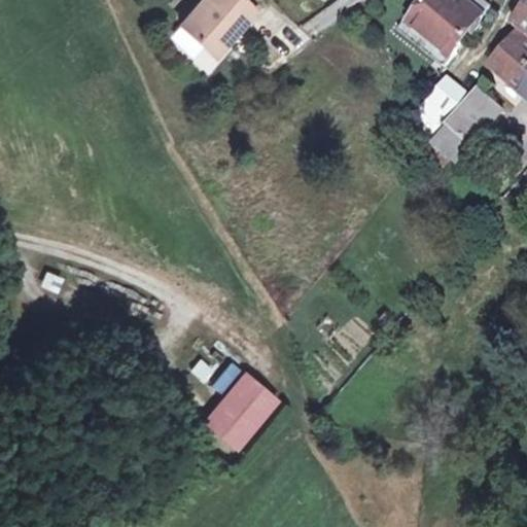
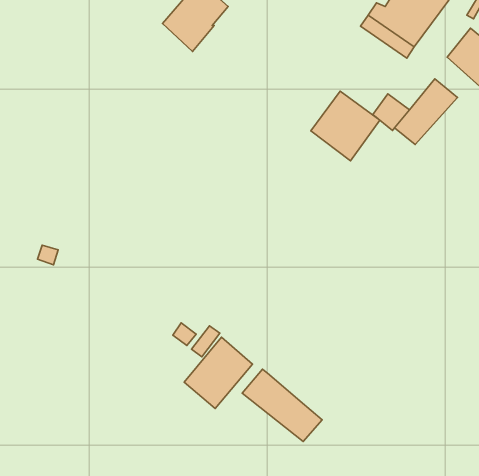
building: [426,75,472,120] -> none
building: none -> [311,91,380,161]
building: none -> [242,369,322,442]

